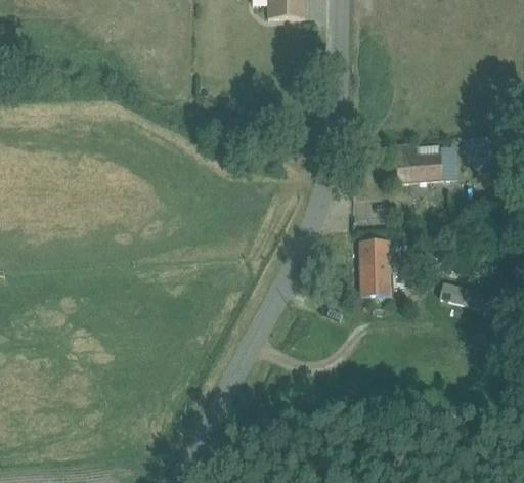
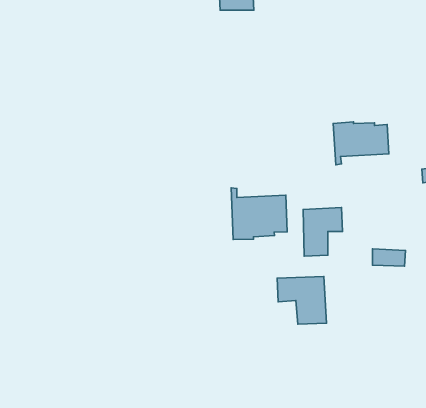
building: none -> [231,188,287,239]
building: none -> [277,277,327,324]

